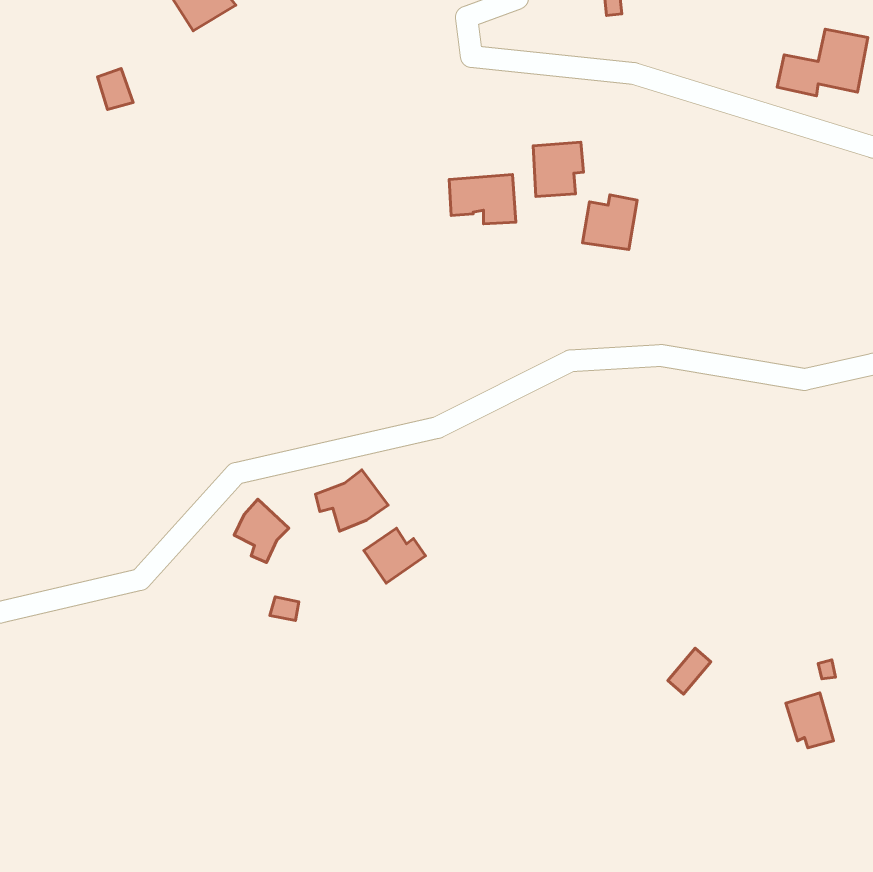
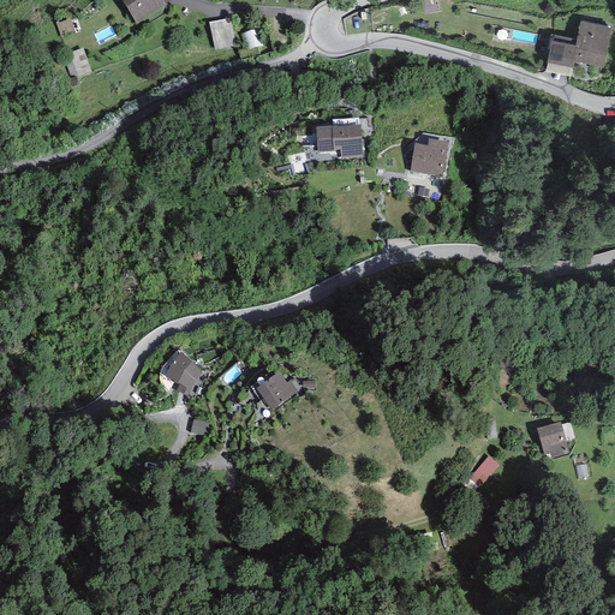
building: none -> [208,17,235,48]
building: [533,142,584,197] -> none
building: [316,470,388,531] -> none
building: [786,693,834,748] -> [536,420,569,459]

